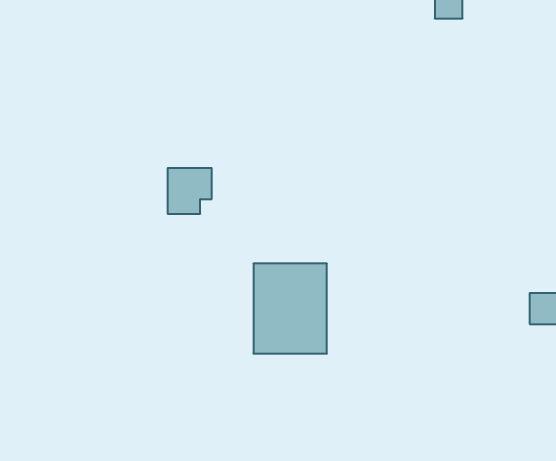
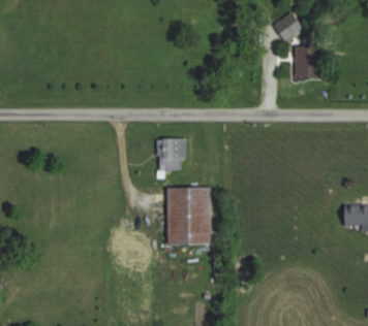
building: none -> [294,45,320,77]
building: [168,168,212,214] -> [157,139,185,168]

